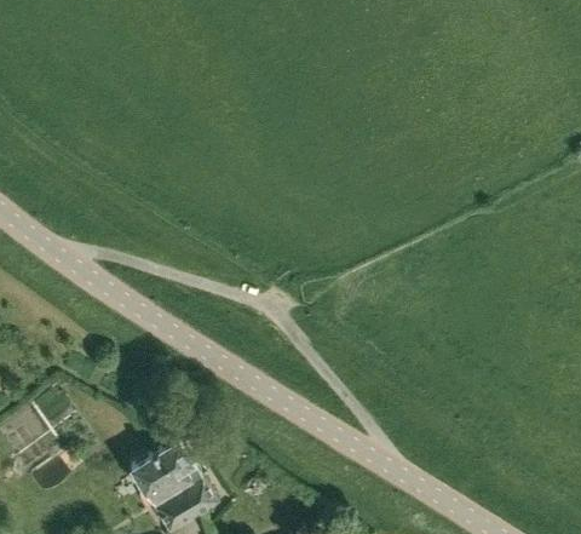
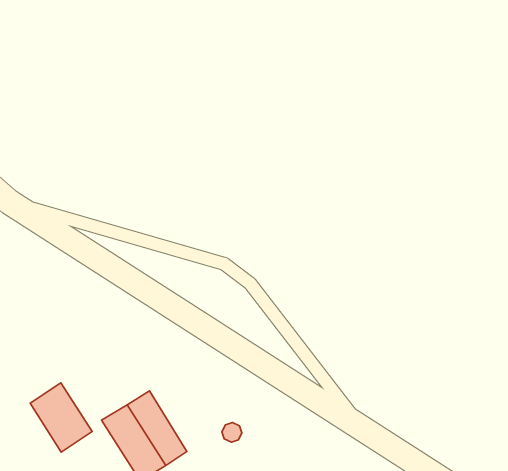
building: none -> [30,383,92,452]

